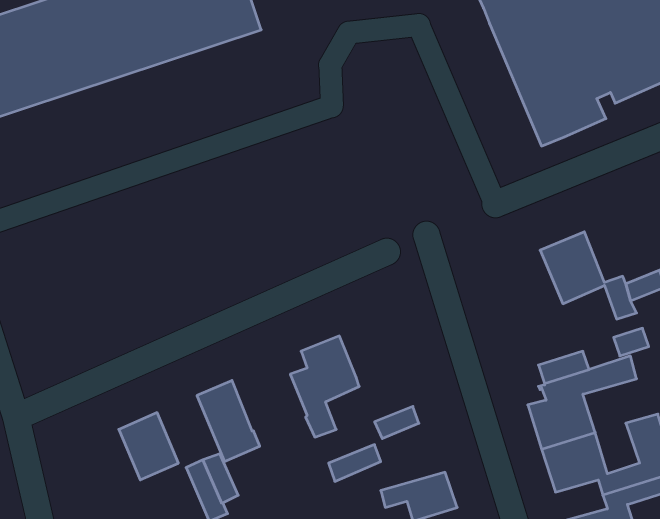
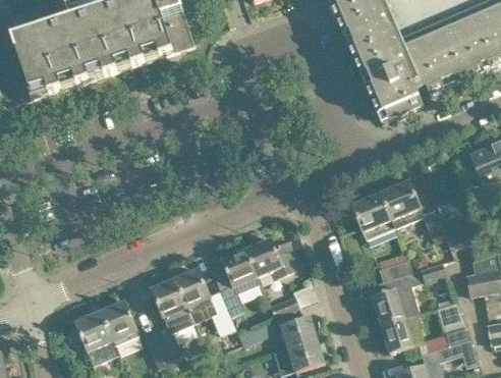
building: none -> [349,193,395,240]
building: none -> [246,238,301,279]
building: none -> [175,270,235,337]
building: none -> [74,312,118,366]
building: none -> [281,316,317,348]

